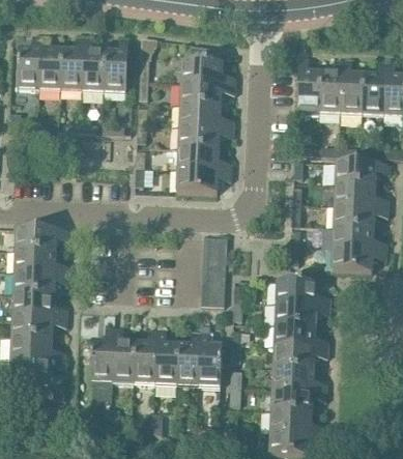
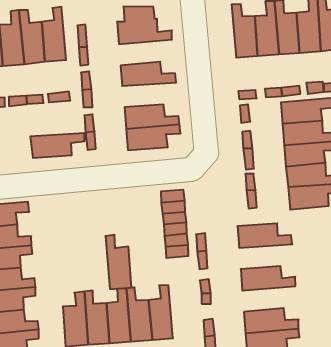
building: [179,83,234,106] -> none
building: [178,125,233,149] -> [30,133,84,158]
building: [275,303,329,326] -> none
building: [198,332,222,386] -> [105,235,131,289]
building: [272,346,327,369] -> none

